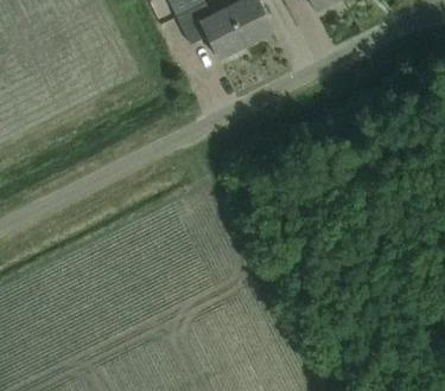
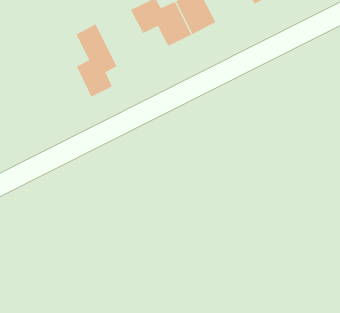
building: none -> [76,23,117,98]

